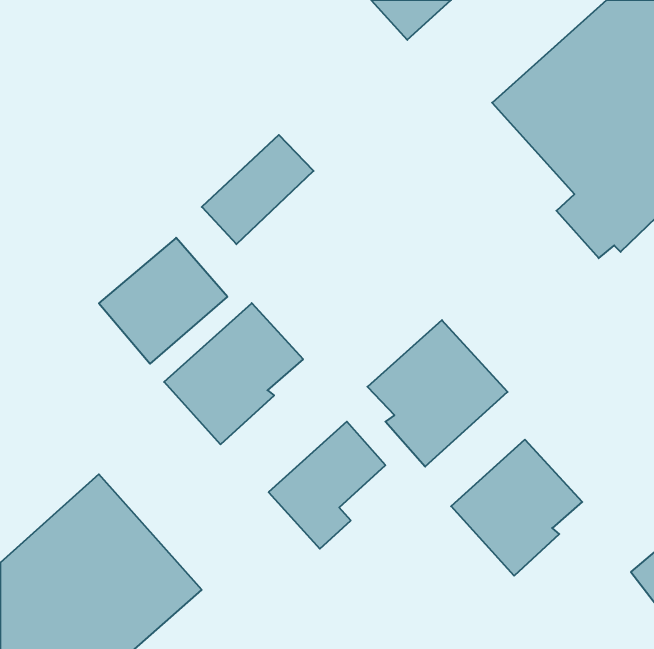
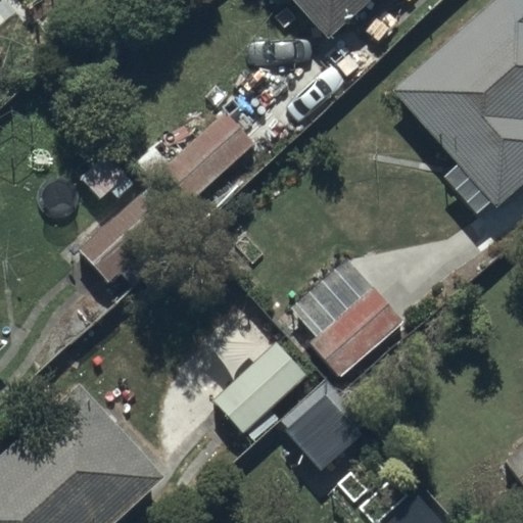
building: [164,303,303,444] -> none
building: [451,440,582,576] -> none

